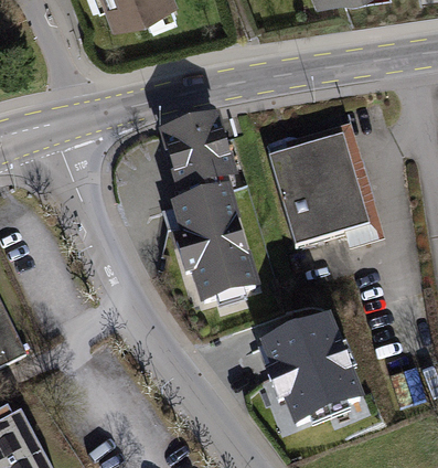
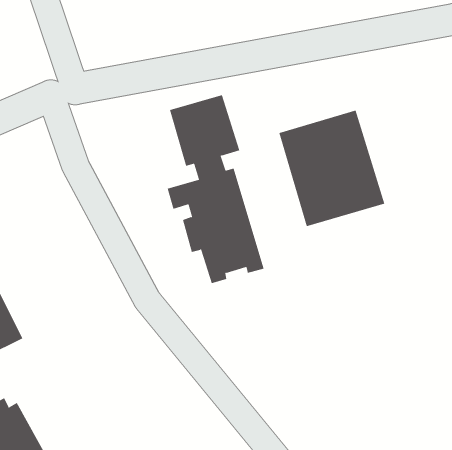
building: [264,320,360,422] -> none

